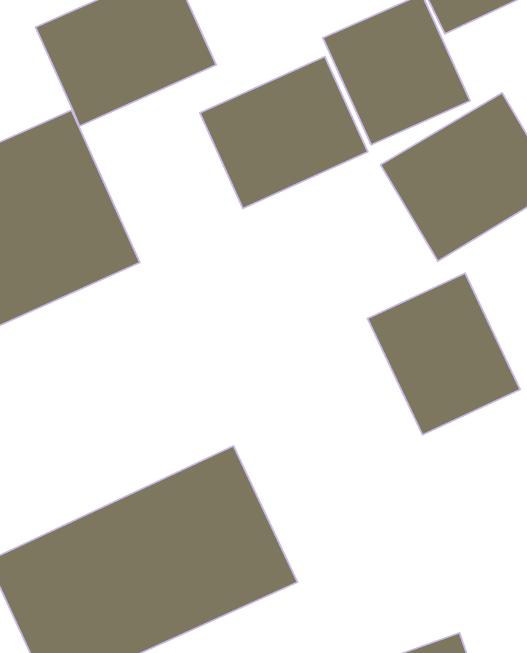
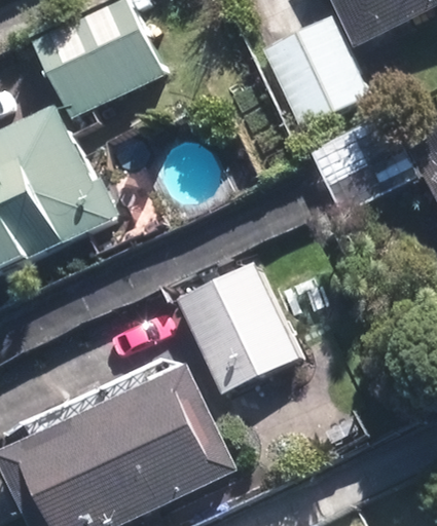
building: [200,56,368,208] -> none
building: [368,273,520,435] -> [178,266,295,390]

